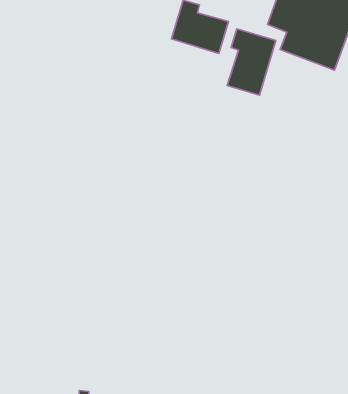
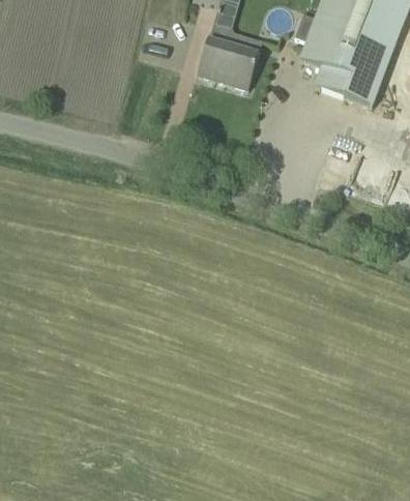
building: [227,29,276,95] -> none

